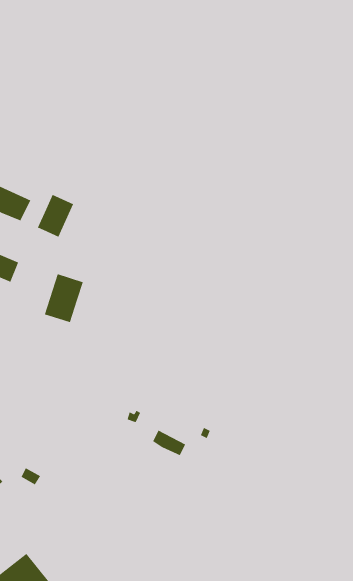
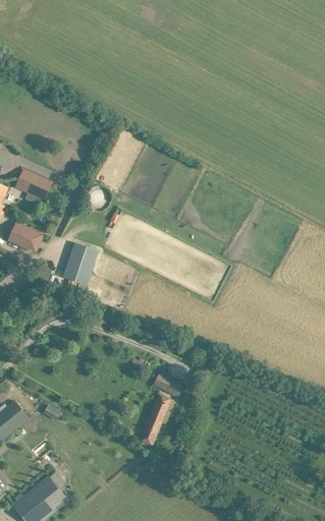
building: [37,194,74,238] -> none
building: none -> [139,395,173,445]

